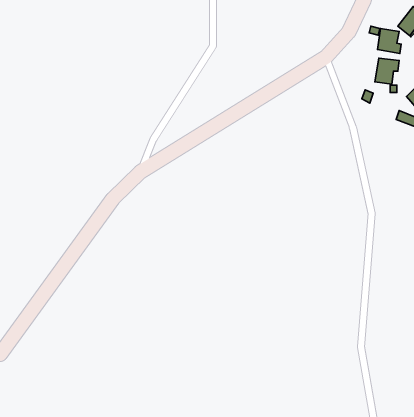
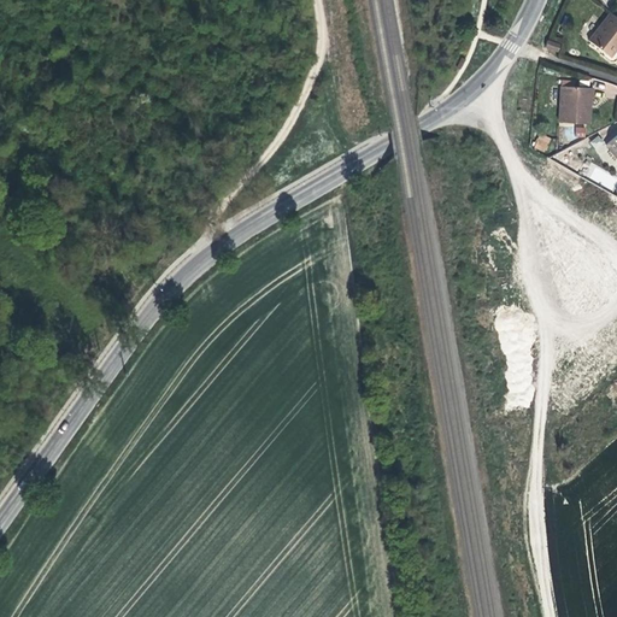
building: [378,28,401,54] -> none

